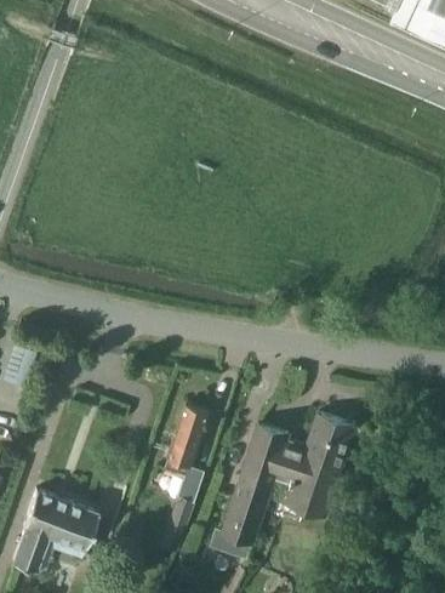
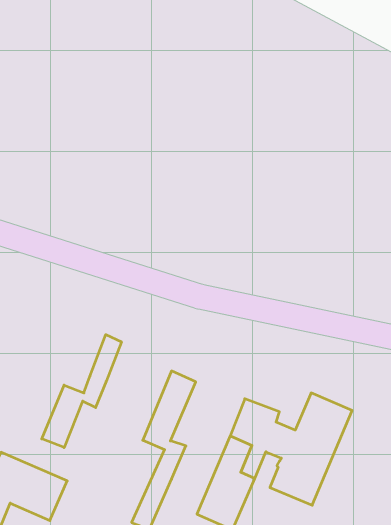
building: none -> [42,335,121,448]

